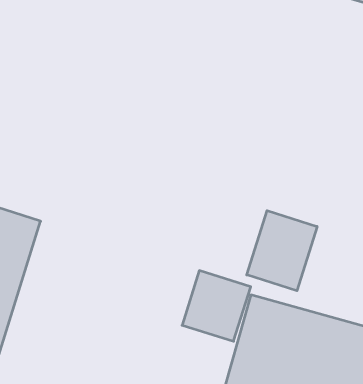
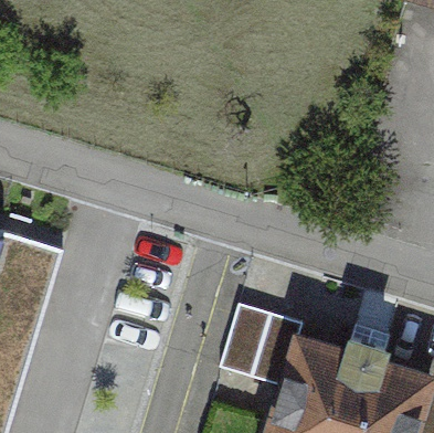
building: [247,211,317,291] -> none

